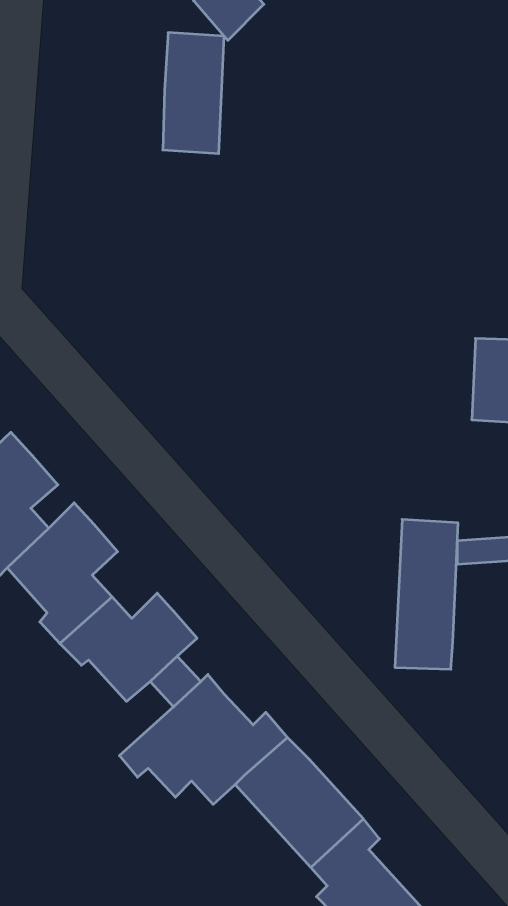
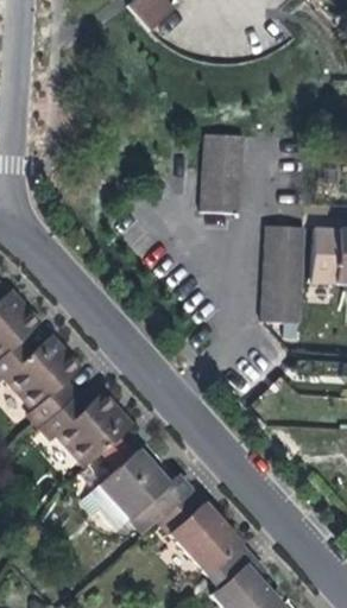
building: [163,33,224,154] -> [202,134,242,214]
building: [395,519,458,669] -> [263,224,304,323]

